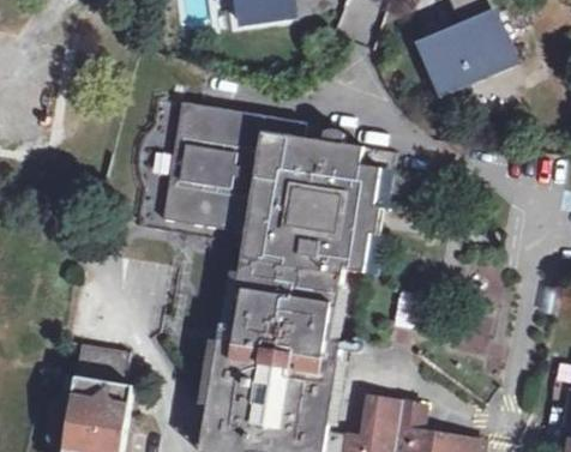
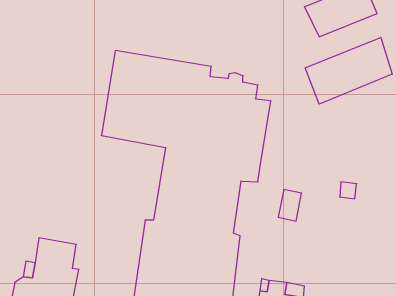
building: none -> [305,37,392,104]

